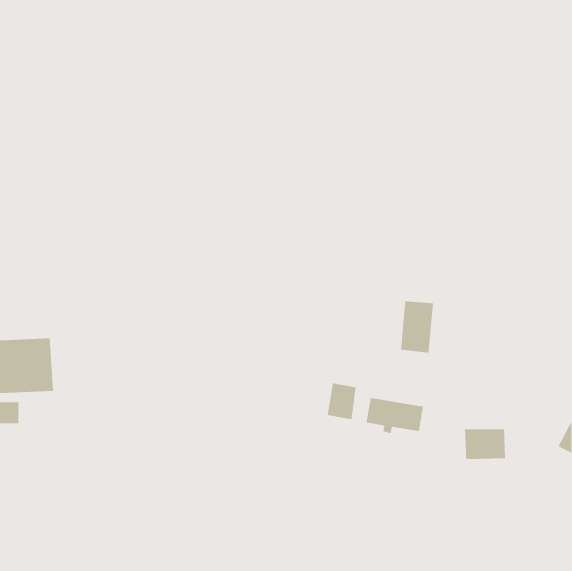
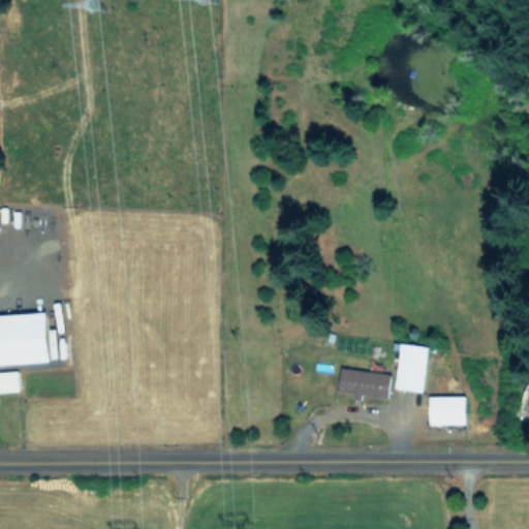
building: [400,301,434,353] -> [396,344,427,393]
building: [327,382,357,420] -> none

